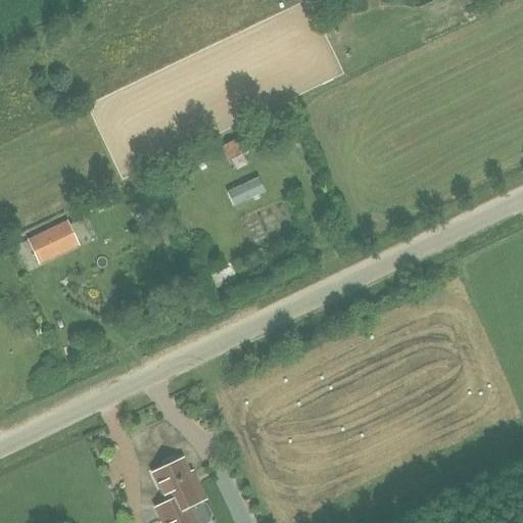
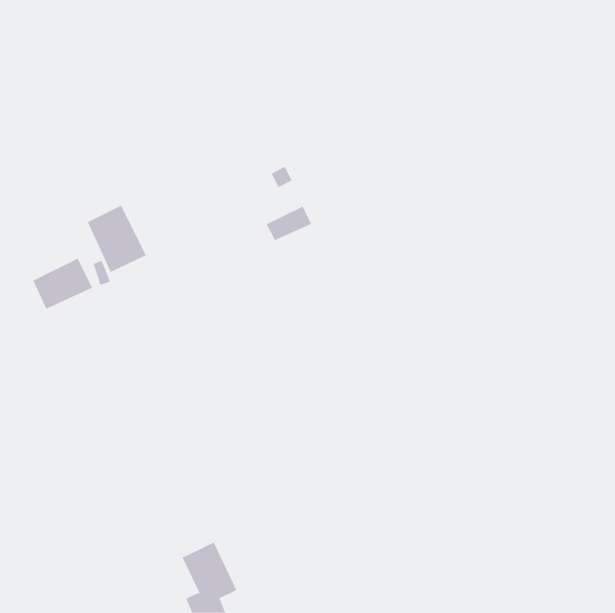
building: none -> [87,205,147,273]

